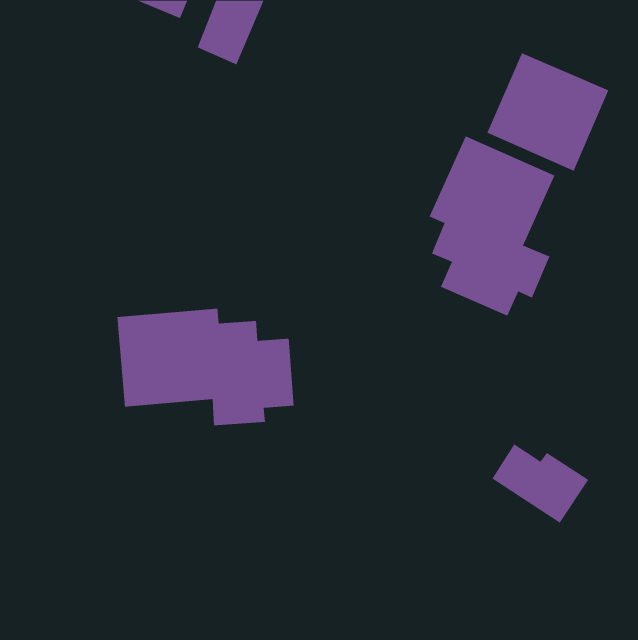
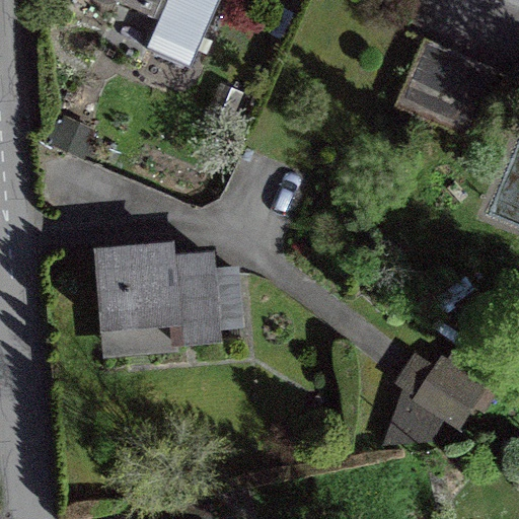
building: [429,136,555,316] -> none

